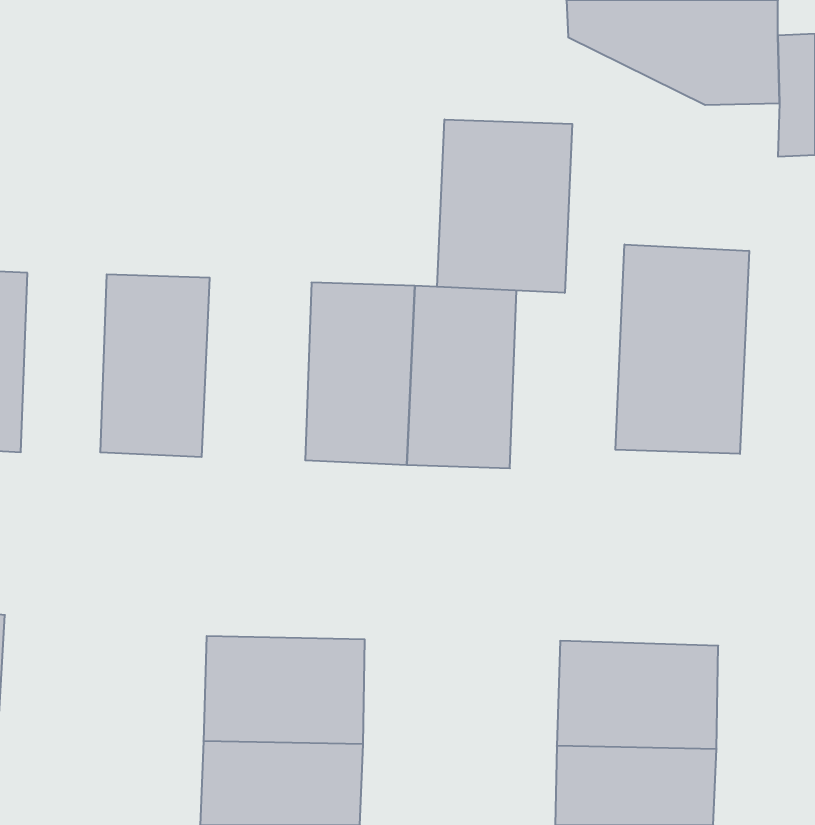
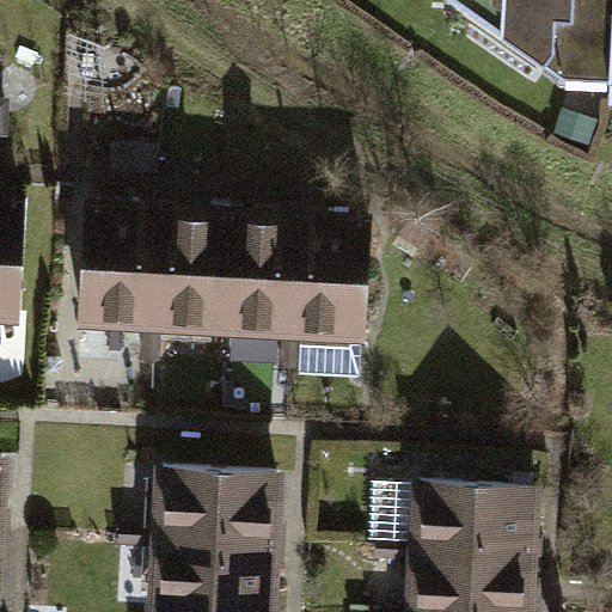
building: [437,119,572,293] -> none
building: [615,244,749,454] -> none
building: none -> [149,206,231,341]

